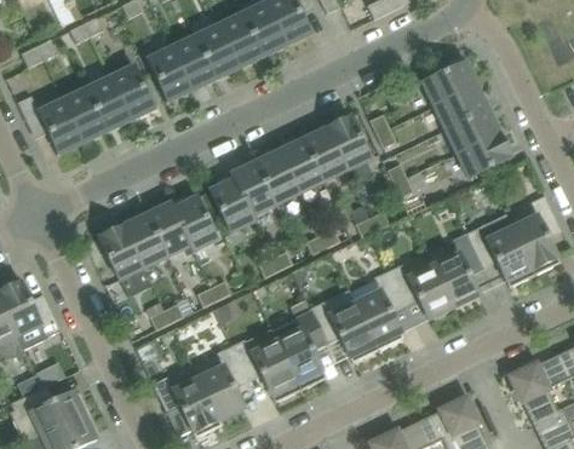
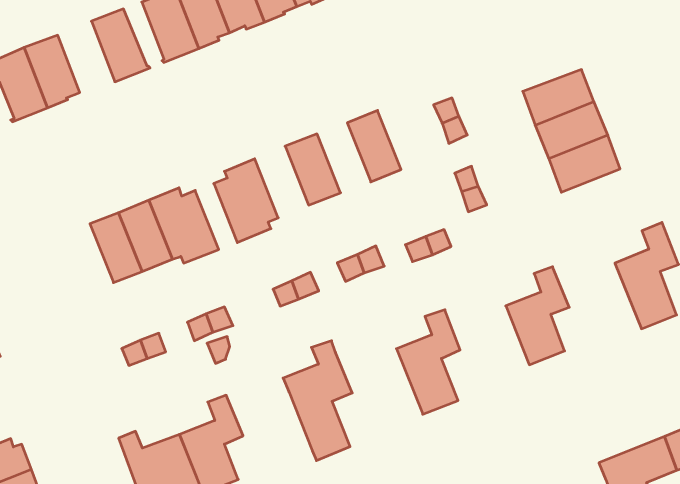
building: [423,61,477,104] -> none
building: [87,75,132,128] -> none
building: [328,115,372,168] -> none
building: [285,137,327,189] -> none
building: [240,157,282,211] -> none
building: [466,213,535,286] -> none
building: [99,225,150,295] -> none
building: [389,263,454,318] -> none
building: [310,300,378,361] -> none
building: [231,329,302,402] -> none

